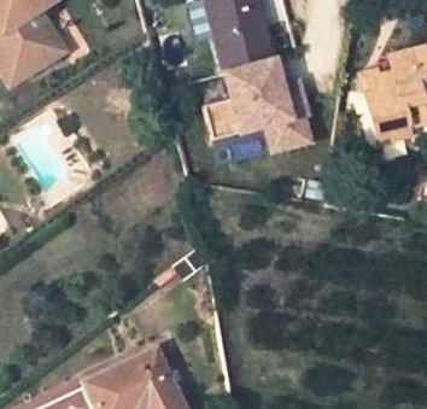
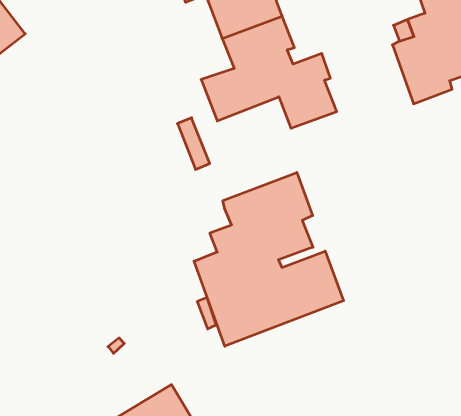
building: none -> [194,172,344,346]

